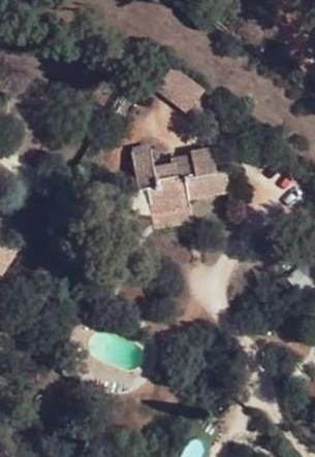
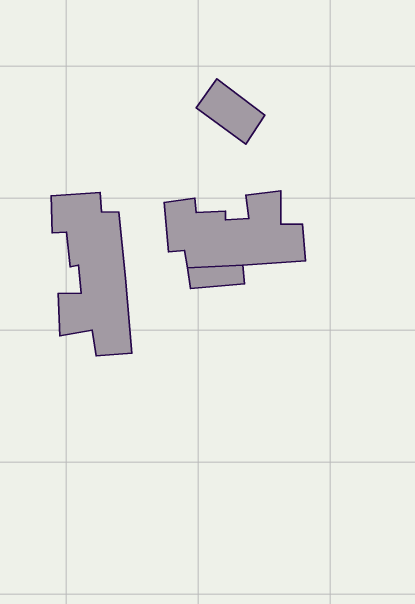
building: none -> [51,193,132,356]

